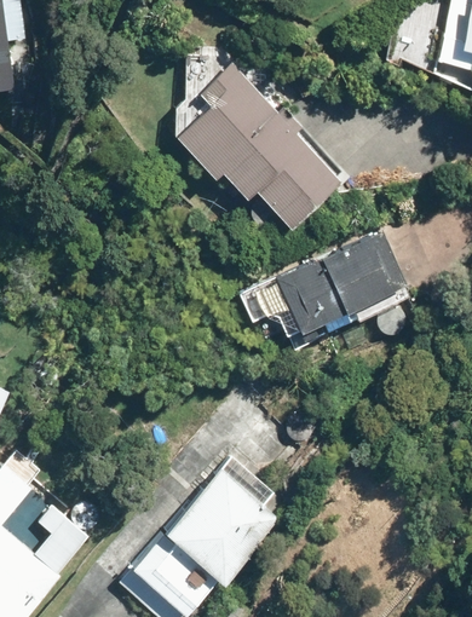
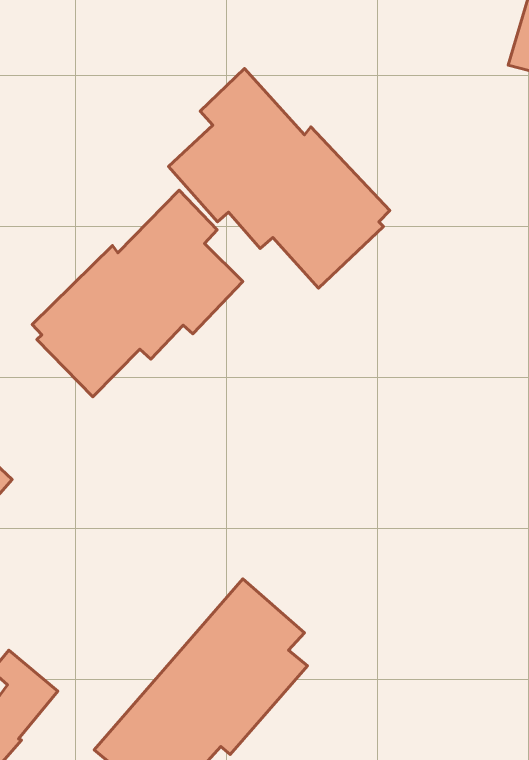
building: none -> [32,190,243,397]
building: [274,232,403,342] -> none

